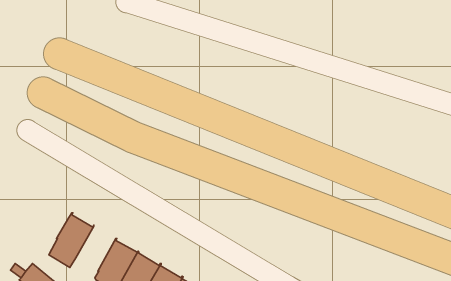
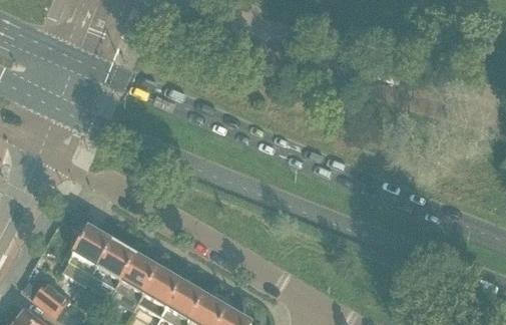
building: none -> [92,241,134,288]

